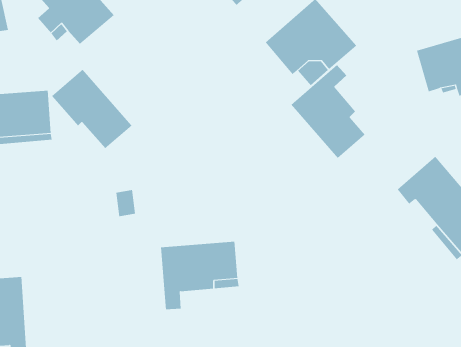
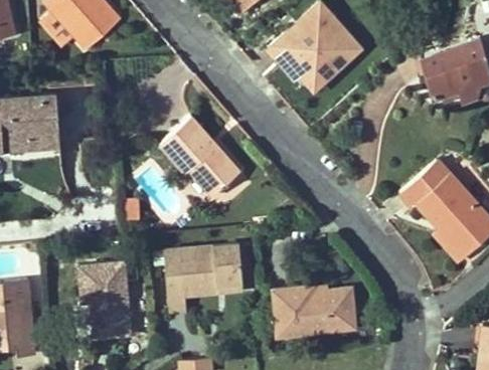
building: [290,64,366,159] -> none
building: [51,69,133,149] -> [157,115,237,194]
building: none -> [78,261,131,337]
building: none -> [274,285,355,334]

